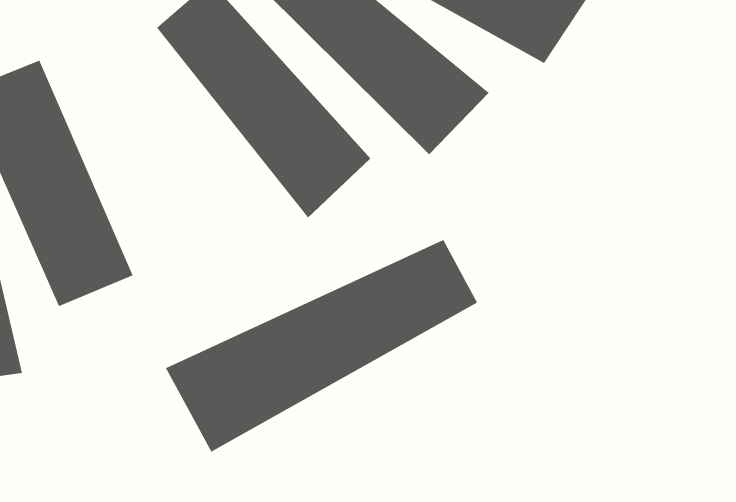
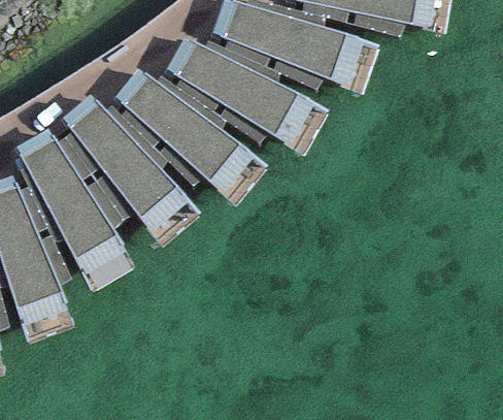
building: none -> [67,92,194,234]
building: [165,239,478,452] -> none

